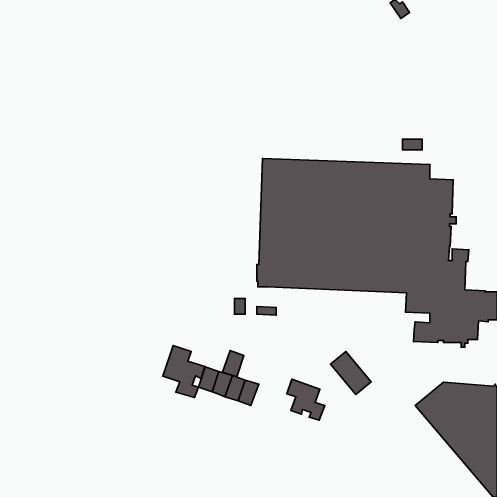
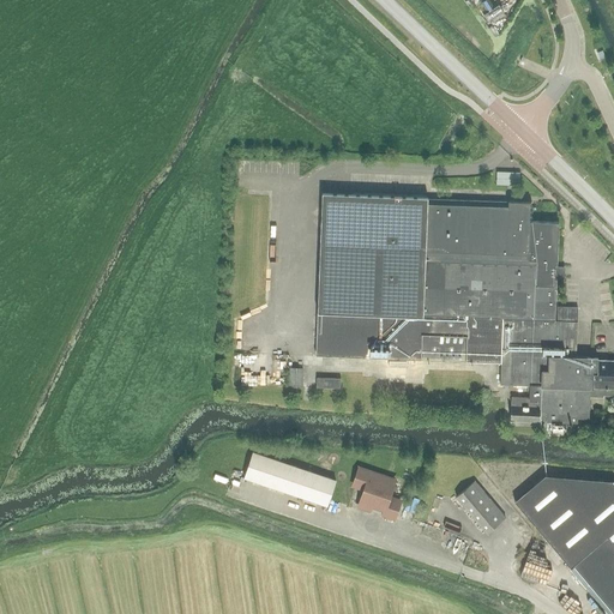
building: [163,345,205,397] -> none
building: [222,351,244,377] -> [309,474,336,506]
building: [330,352,371,394] -> [456,481,506,534]

